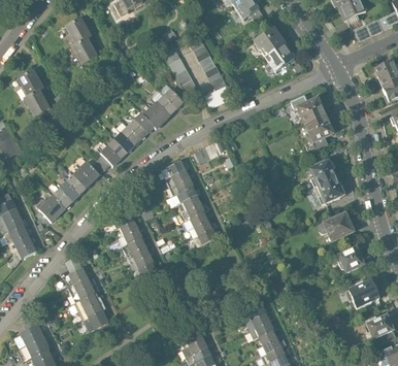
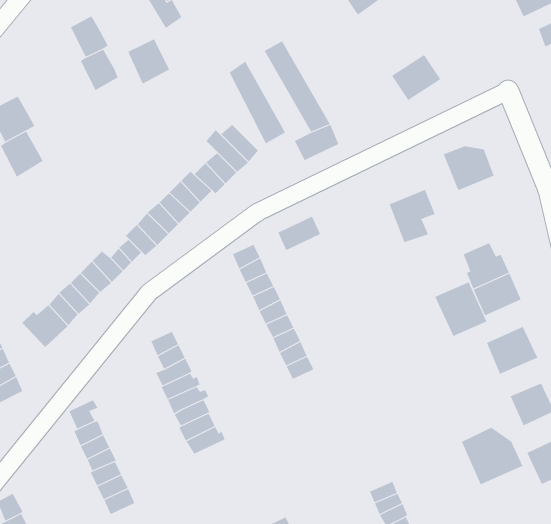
building: [254,27,285,56] -> none
building: none -> [128,38,170,84]
building: [305,118,334,151] -> [389,189,435,243]
building: none -> [435,281,487,337]
building: none -> [461,427,523,485]

